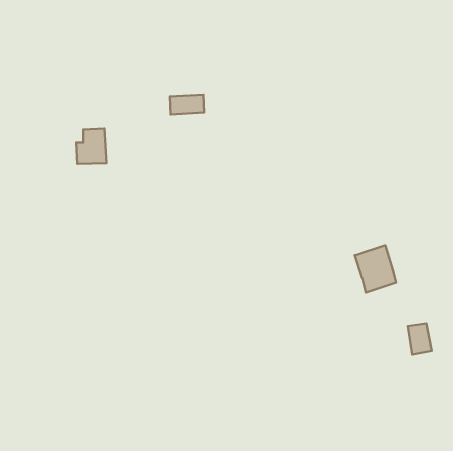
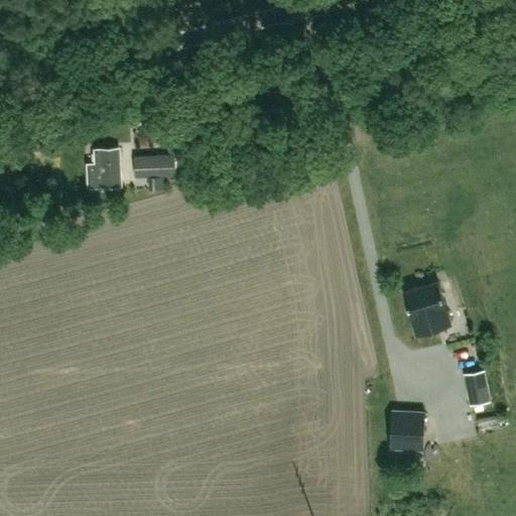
building: [170,95,204,114] -> [135,156,174,178]
building: none -> [391,412,424,453]

